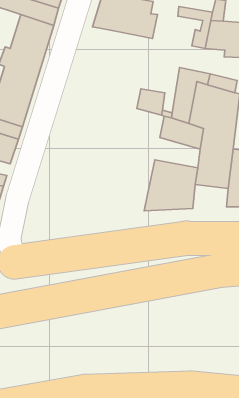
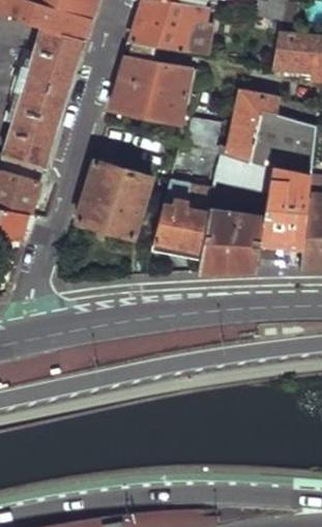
building: none -> [111,41,191,125]
building: none -> [76,160,151,237]
building: none -> [153,178,214,252]

